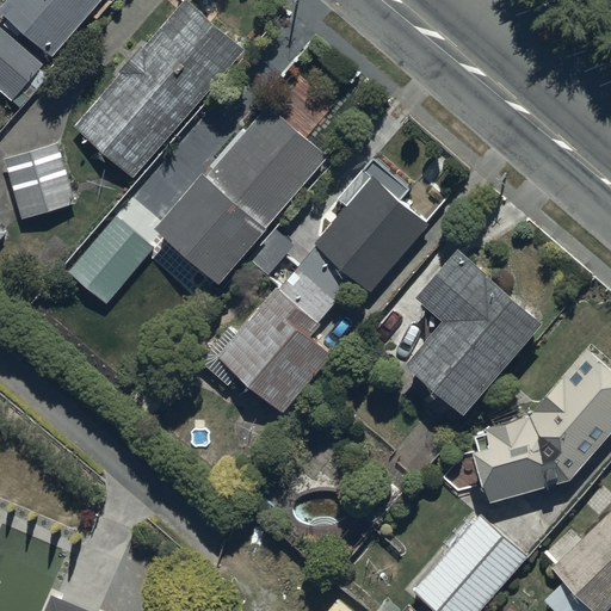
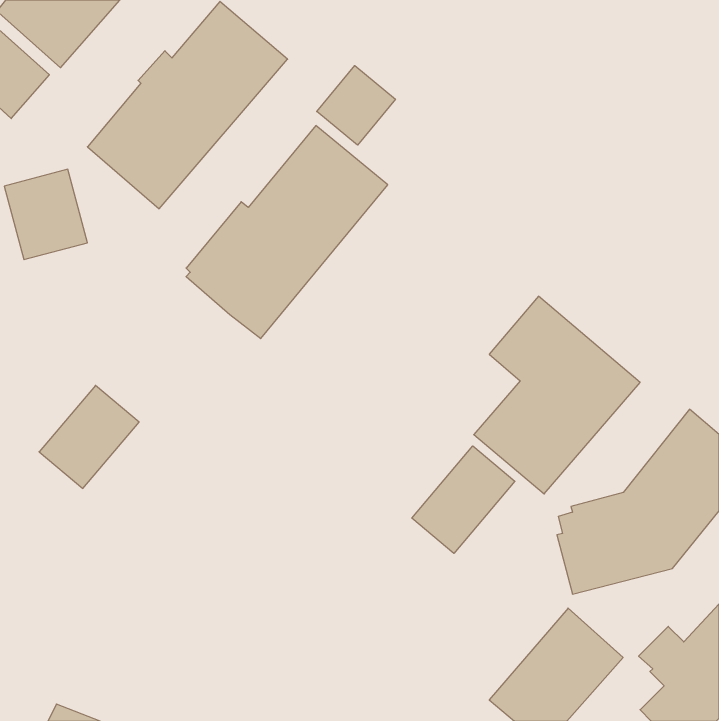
building: none -> [317,66,395,145]
building: [217,173,430,413] -> none
building: [68,217,153,304] -> [39,385,139,488]
building: none -> [412,446,515,553]

